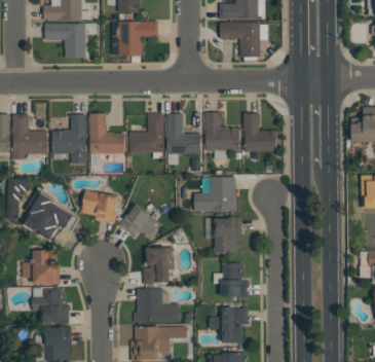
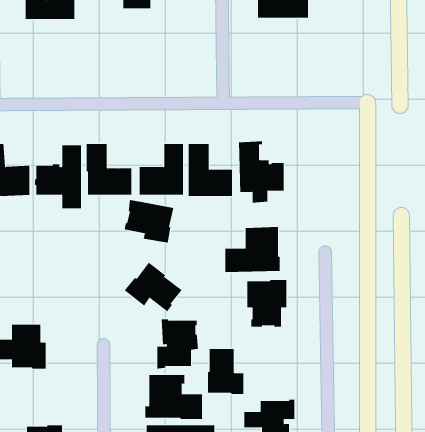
building: [111,22,158,57] -> none
building: [220,23,260,57] -> none
building: [45,24,85,58] -> none
building: [243,113,277,152] -> none
building: [80,190,118,223] -> [124,200,174,243]
building: [33,194,77,247] -> none
building: [221,263,249,298] -> [207,348,244,395]
building: [32,289,69,324] -> none

